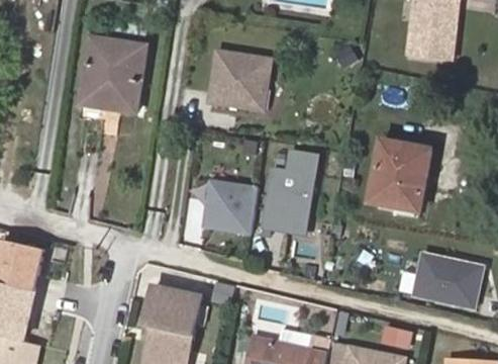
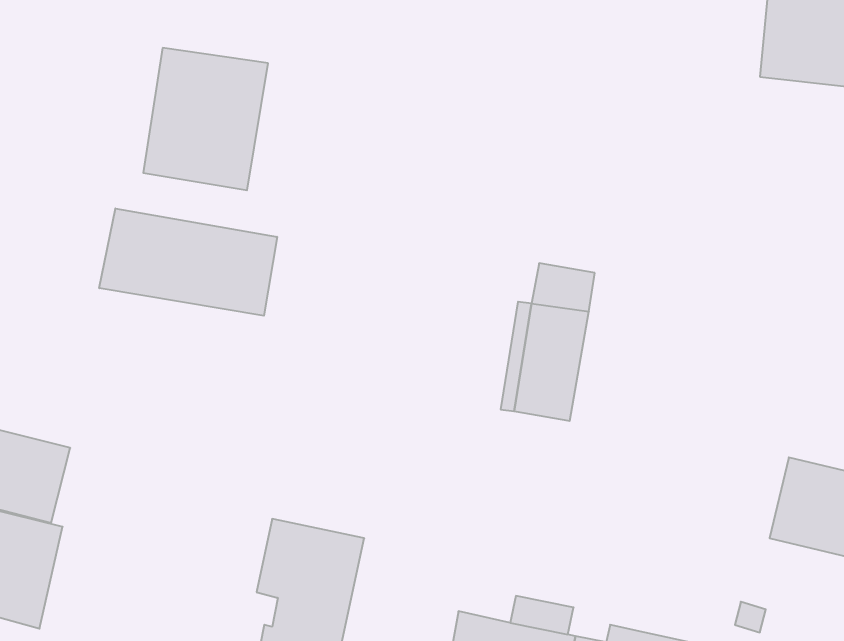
building: [204,39,269,106] -> none
building: none -> [99,208,277,316]
building: [373,143,434,212] -> none
building: [206,187,262,242] -> none

